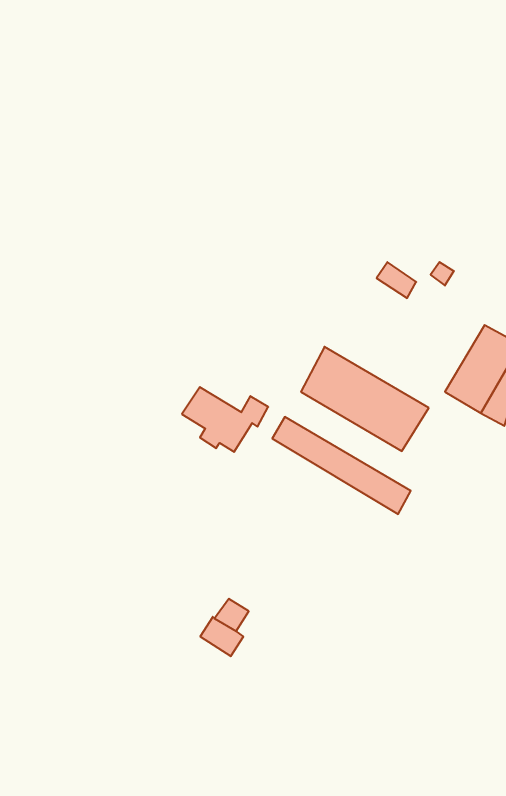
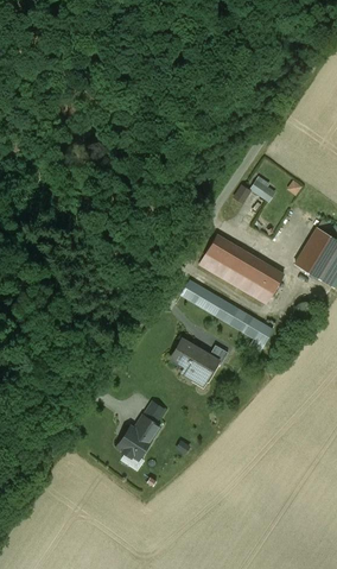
building: [182,387,268,452] -> [170,339,227,381]
building: none -> [117,425,150,459]

